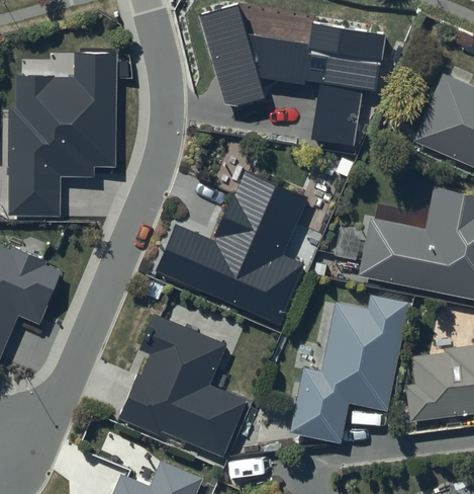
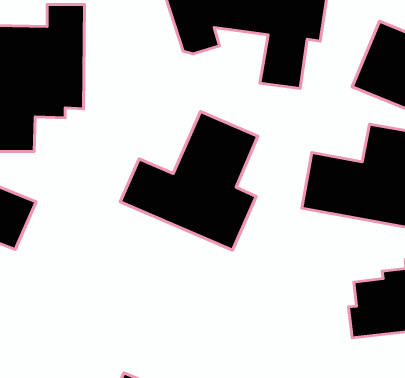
building: [289,297,407,444] -> none
building: [118,314,247,456] -> none

